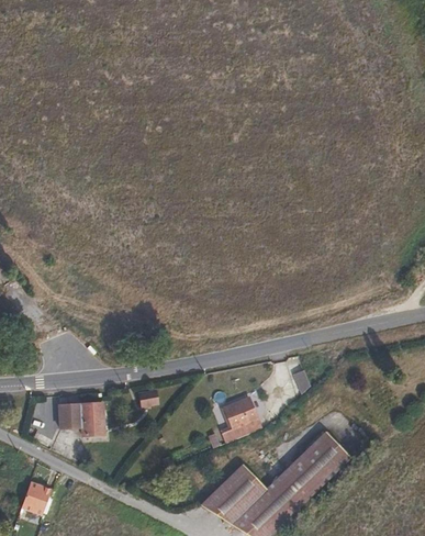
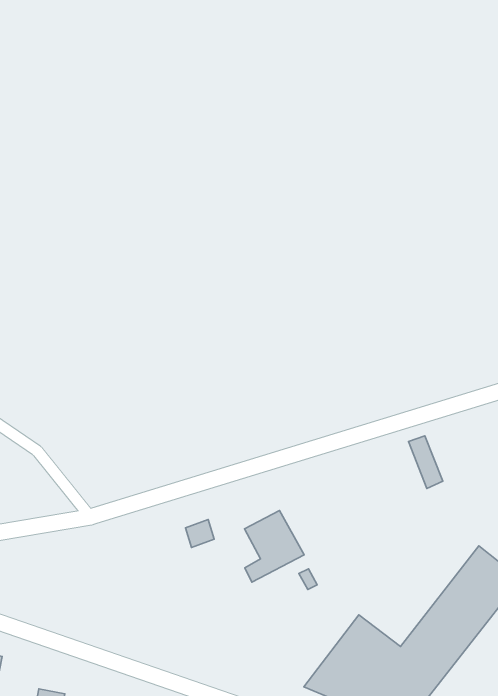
building: [220,395,259,439] -> [245,510,304,582]
building: [58,403,104,436] -> none

